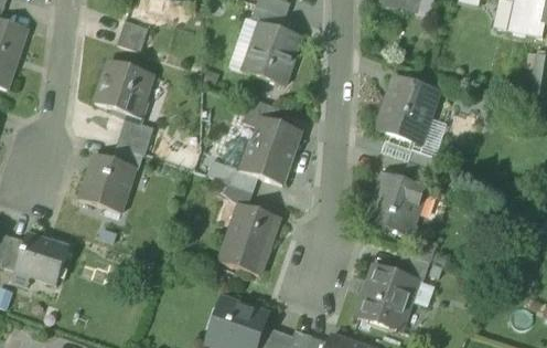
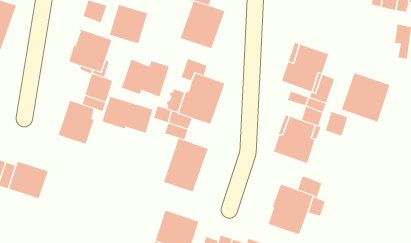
building: none -> [109,4,148,44]
building: none -> [121,59,170,97]
building: none -> [341,72,390,122]
building: none -> [102,96,153,133]
building: none -> [325,111,348,137]

